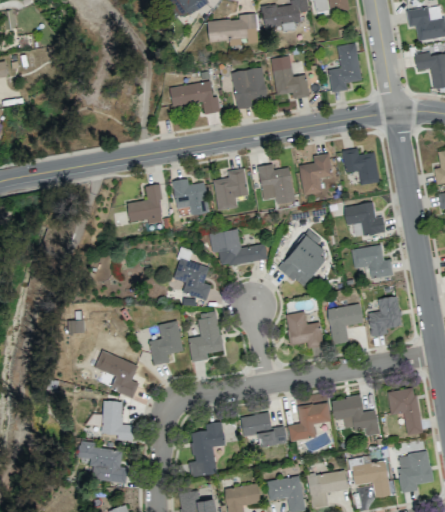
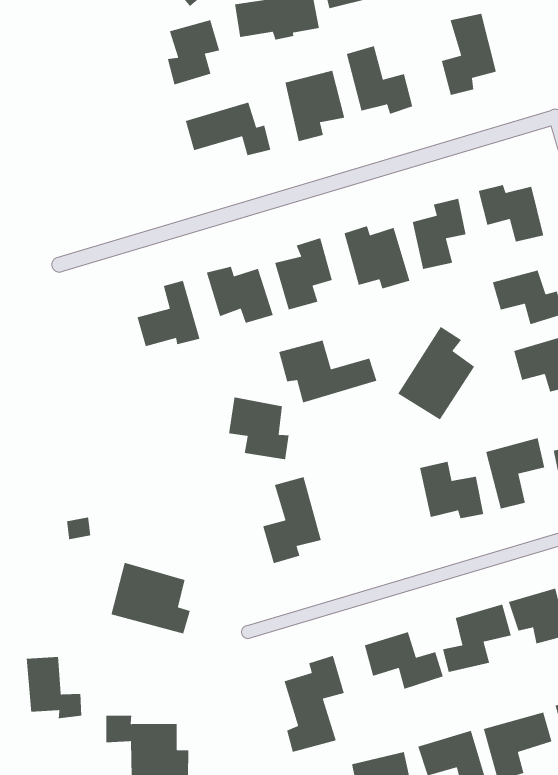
building: none -> [167,19,220,85]
building: [150,321,182,365] -> none
building: [102,401,134,440] -> [26,656,82,719]

